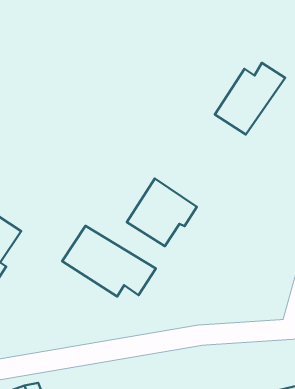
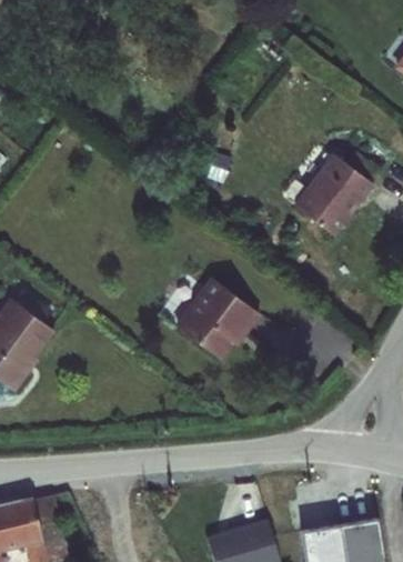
building: [62,226,156,297] -> none

